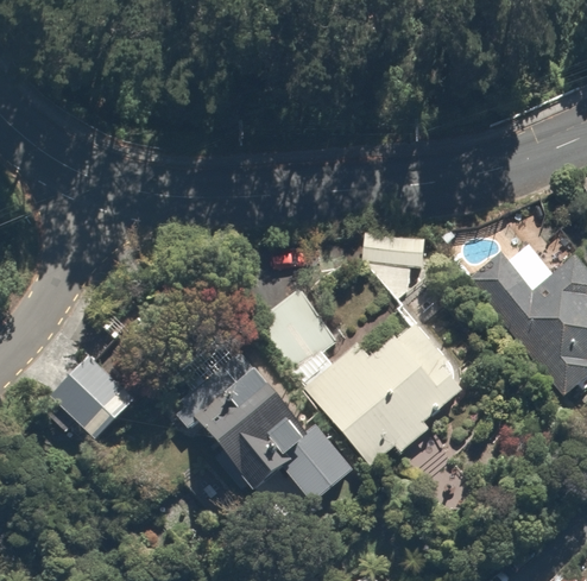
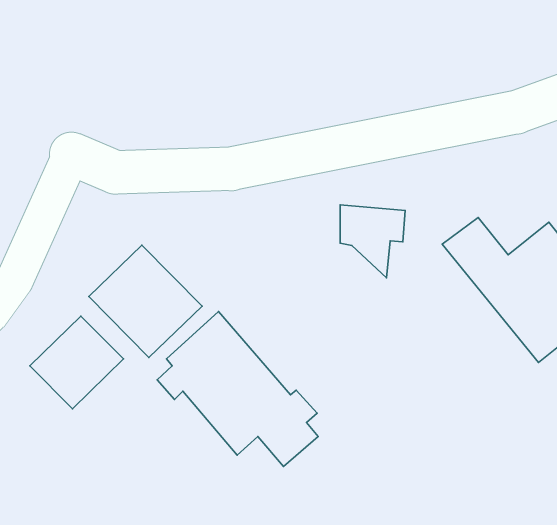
building: none -> [89,245,202,358]
building: [251,291,465,471] -> none

